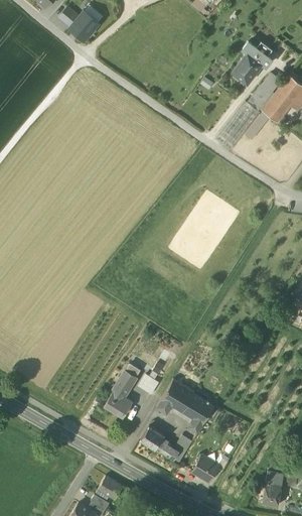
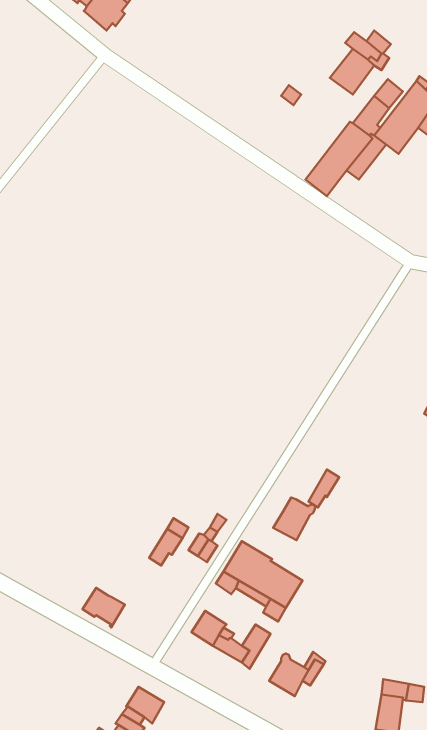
building: none -> [273,497,315,540]
building: [104,391,132,417] -> [82,588,125,627]

